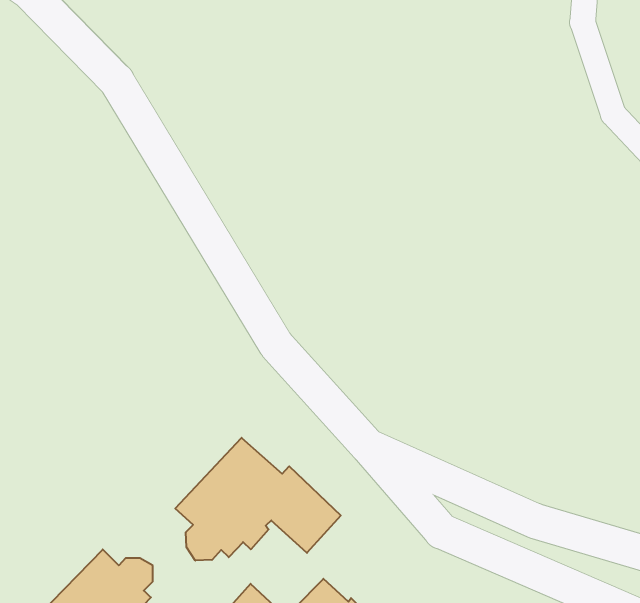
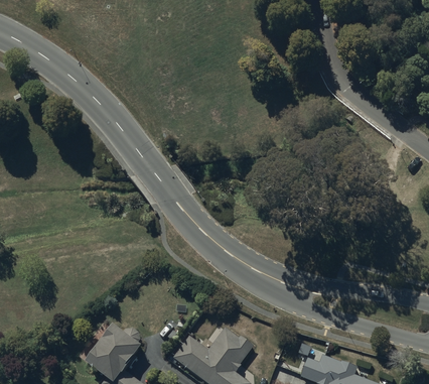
building: [175,438,341,561] -> none

